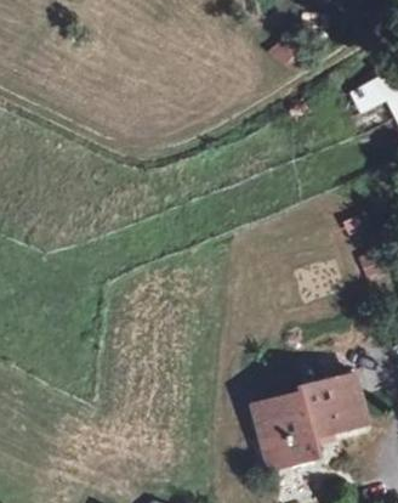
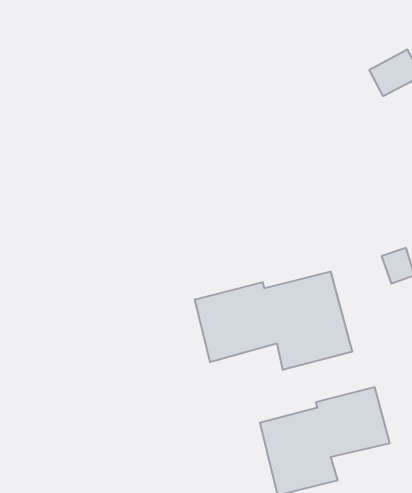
building: none -> [195,272,352,370]

